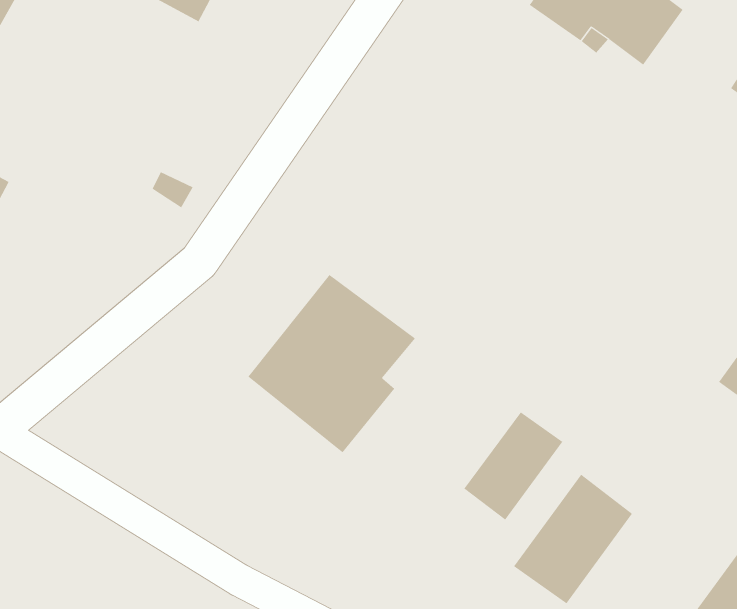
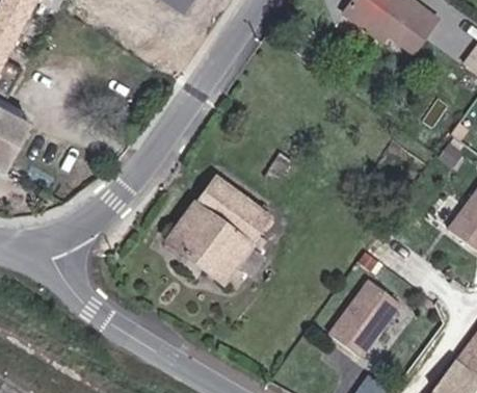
building: [464,412,563,521] -> none

